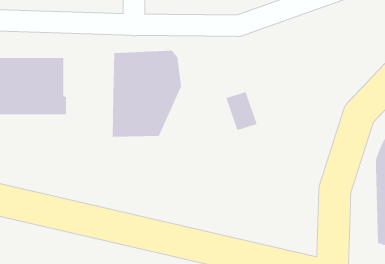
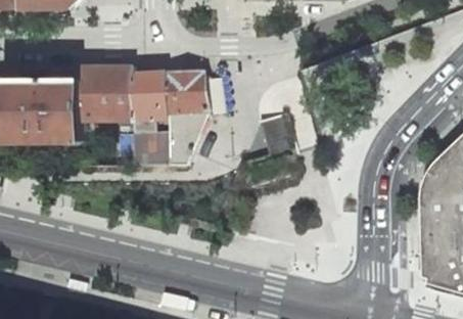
building: none -> [79,65,133,121]

